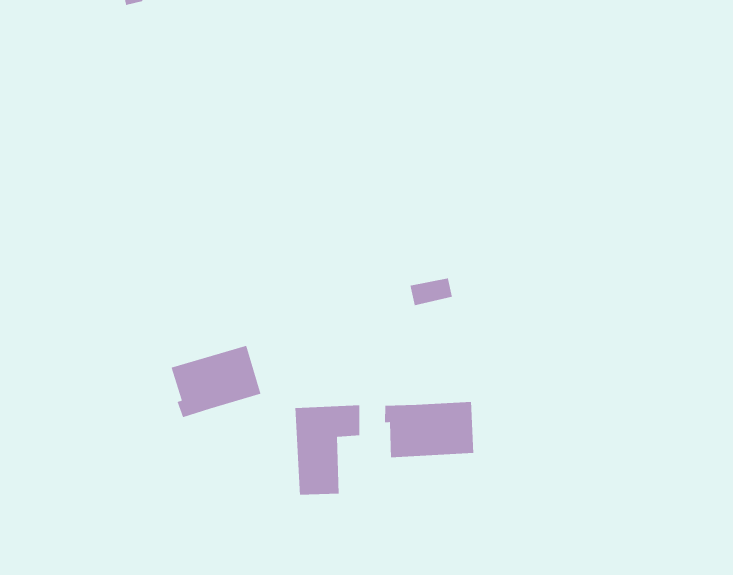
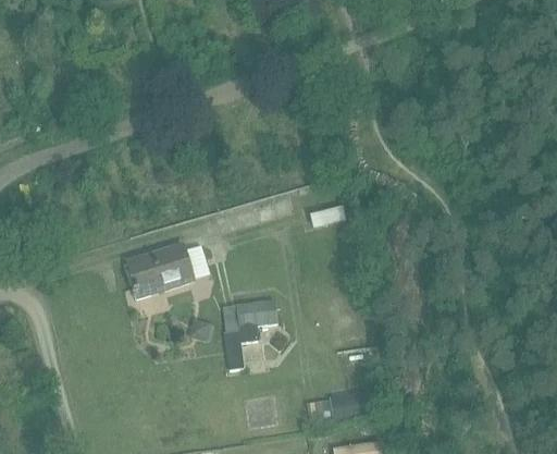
building: [384,401,474,458] -> none

